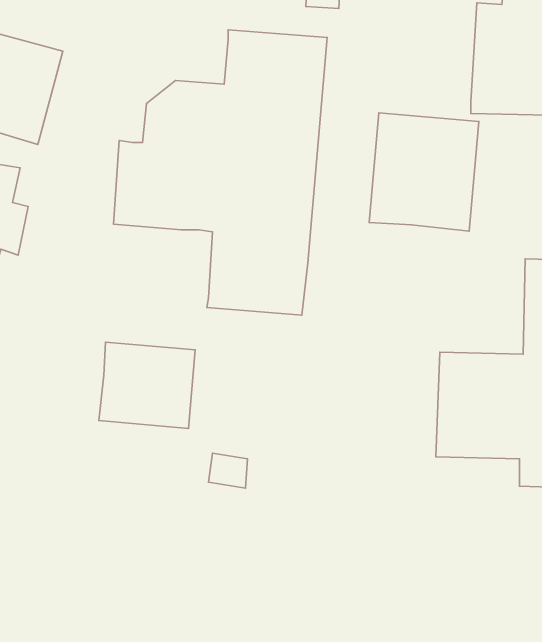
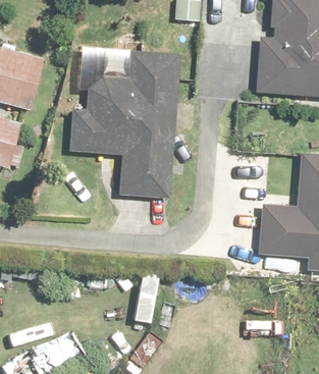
building: [369,113,479,231] -> none
building: [99,342,195,428] -> none

